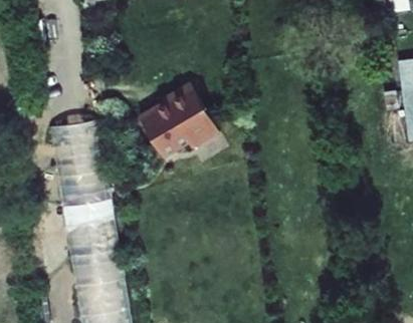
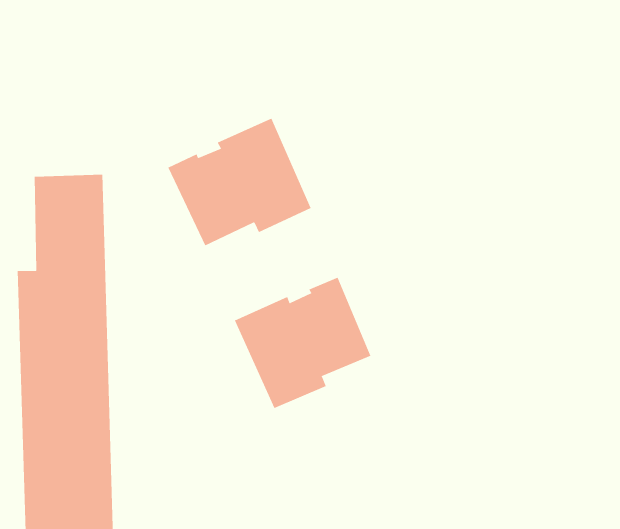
building: none -> [234,277,371,409]

